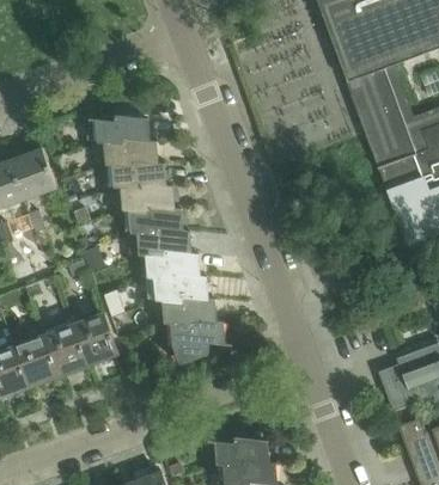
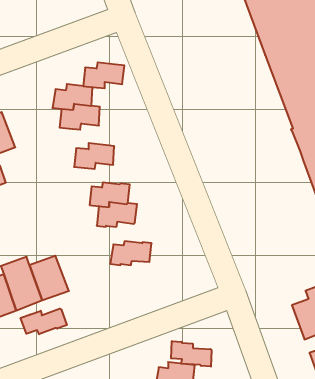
building: [116,160,164,190] -> [83,62,124,88]
building: [134,205,179,234] -> none
building: [159,274,206,301] -> none
building: [175,319,222,364] -> none
building: none -> [21,309,67,334]
building: none -> [171,341,212,367]

